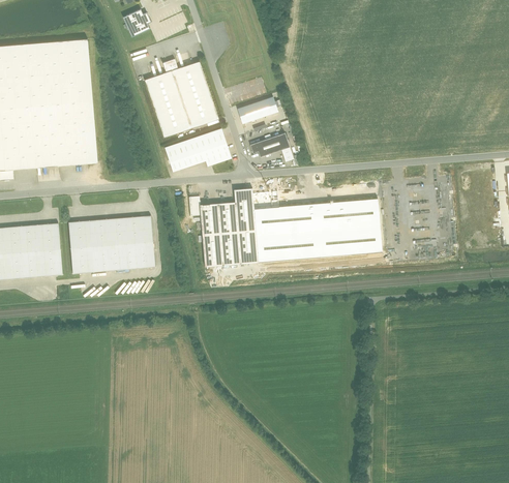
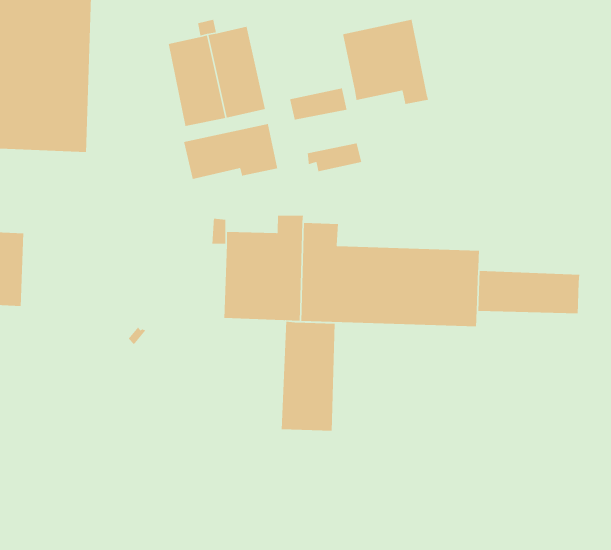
building: none -> [342,19,429,105]
building: none -> [478,270,580,314]
building: [69,216,156,274] -> none
building: none -> [281,321,336,432]

